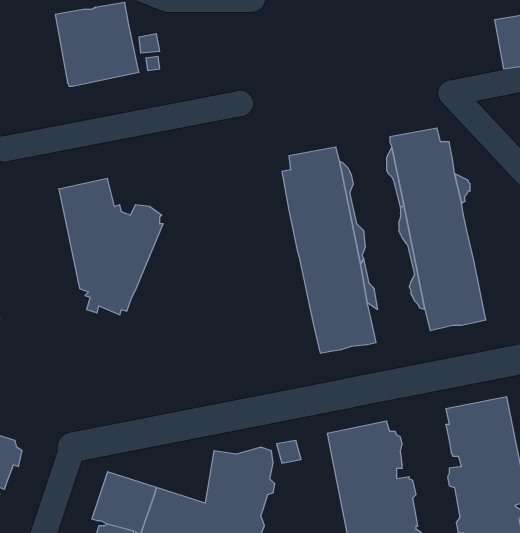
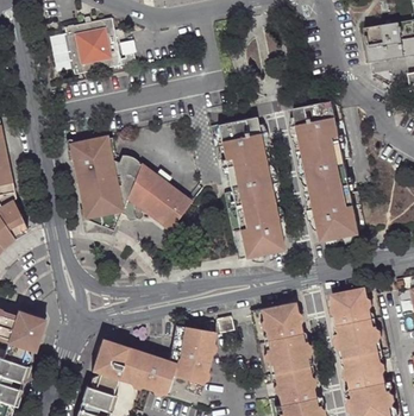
building: none -> [120,163,192,228]

